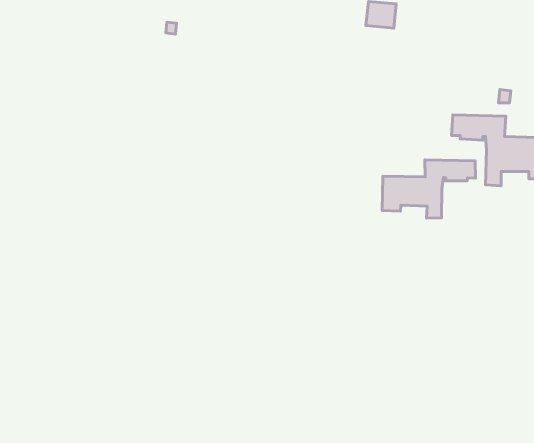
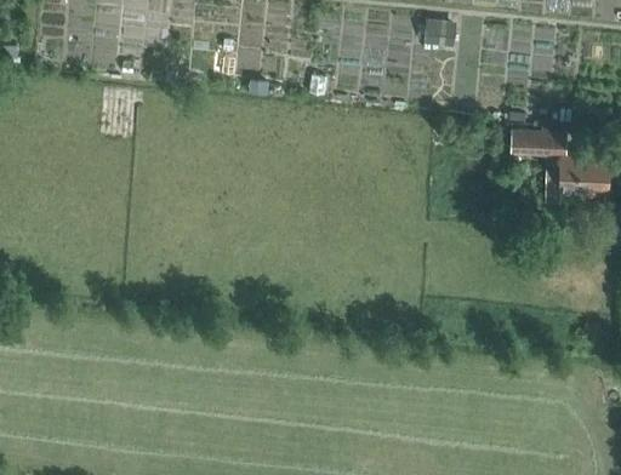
building: [382,160,475,218] -> none

